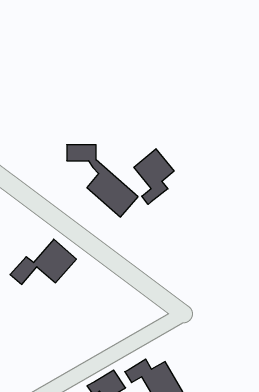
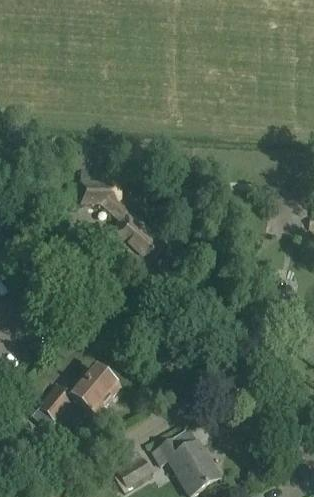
building: [134,149,174,204] -> none
building: [10,239,76,284] -> [40,365,119,419]

